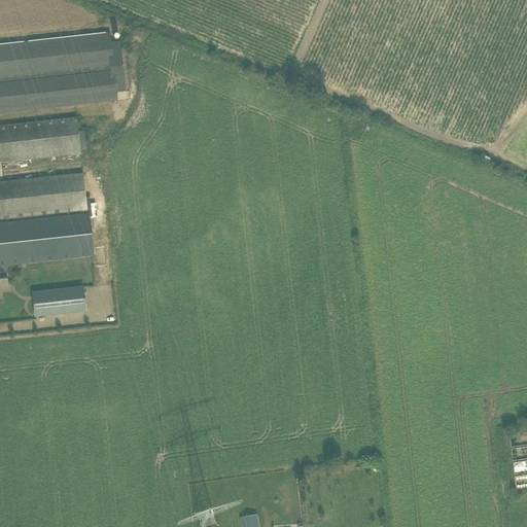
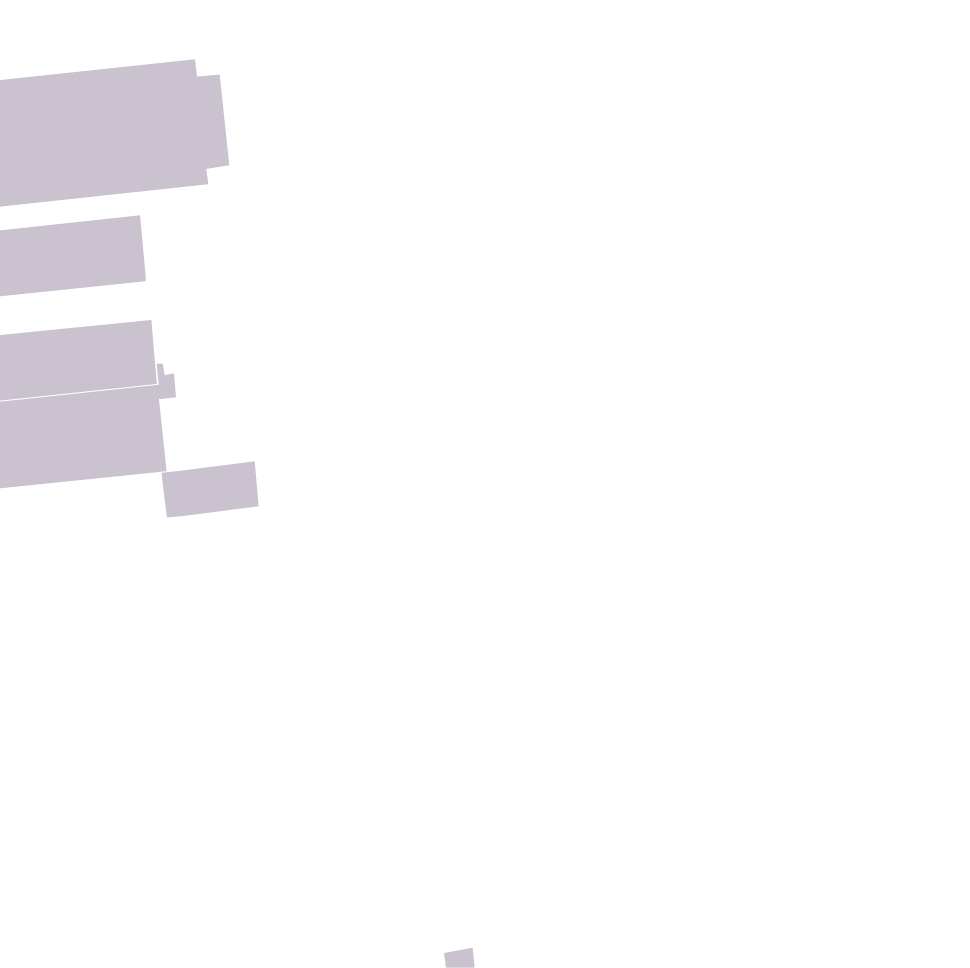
building: [31,285,84,316] -> [160,461,259,518]

